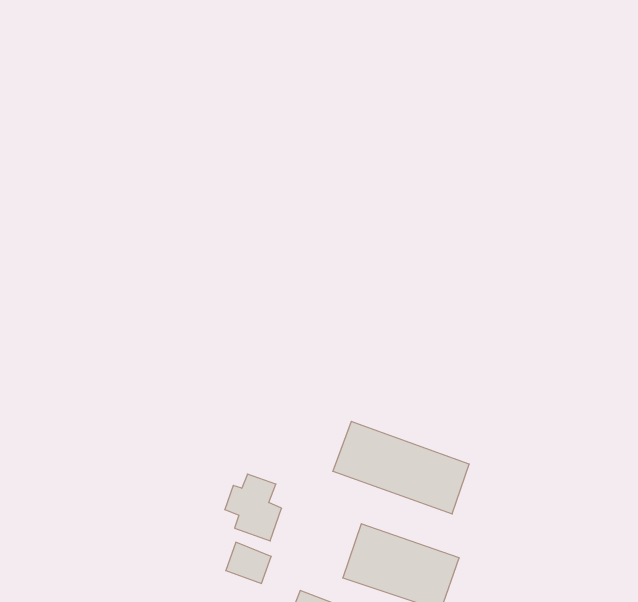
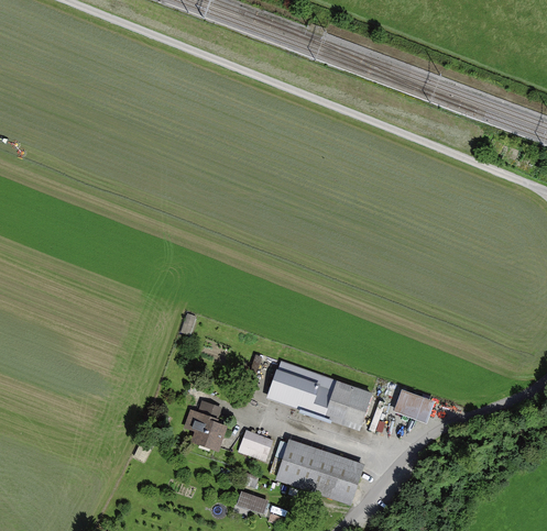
building: none -> [393,389,434,423]
building: [226,542,271,583] -> [238,429,273,461]

